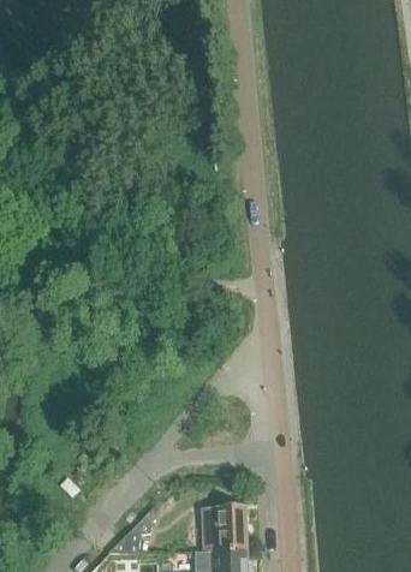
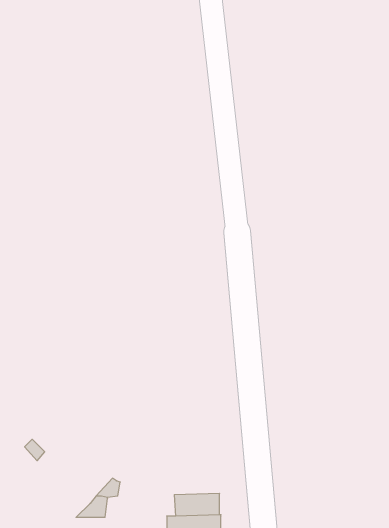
building: [202,508,245,534] -> none

